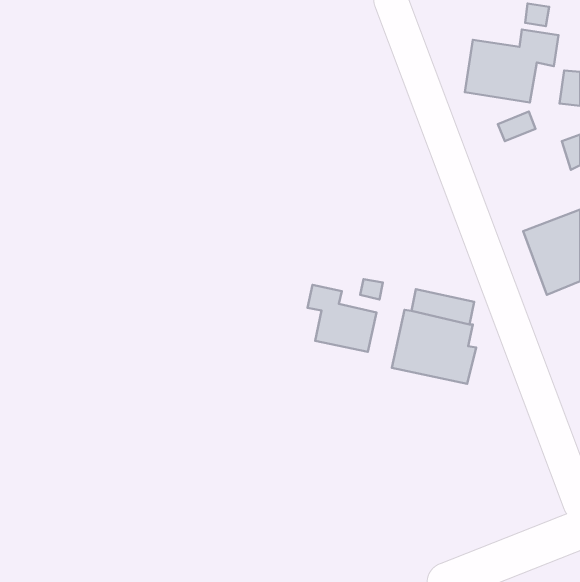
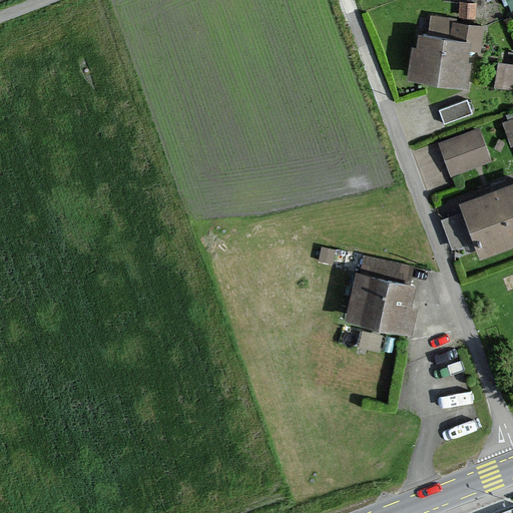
building: none -> [438,128,489,176]
building: [307,285,376,352] -> none

